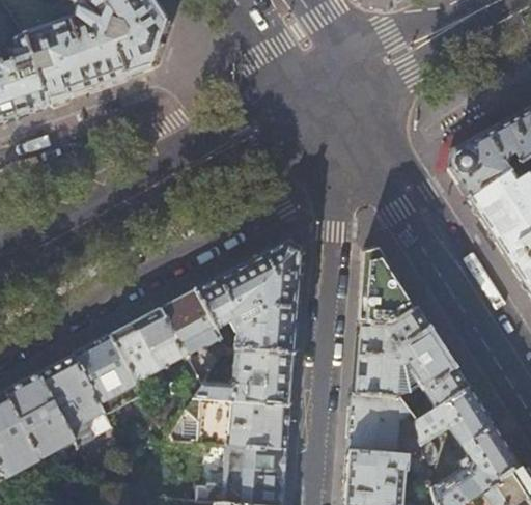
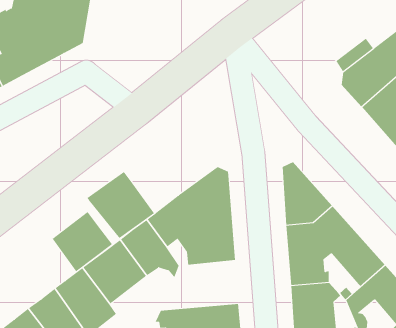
building: none -> [87,171,155,239]
building: none -> [52,211,113,272]
building: [194,349,292,405] -> none

